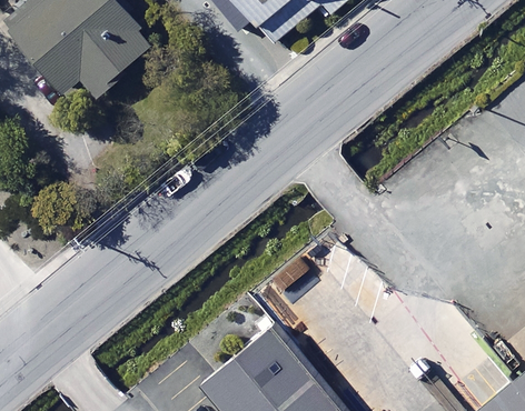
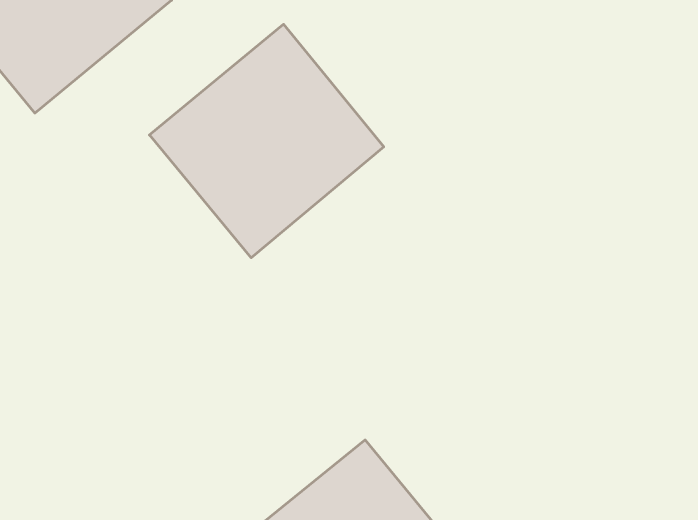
building: none -> [149,24,384,258]

